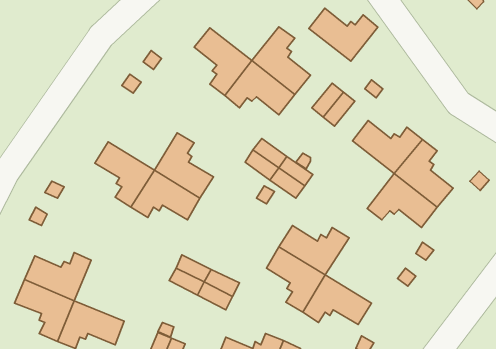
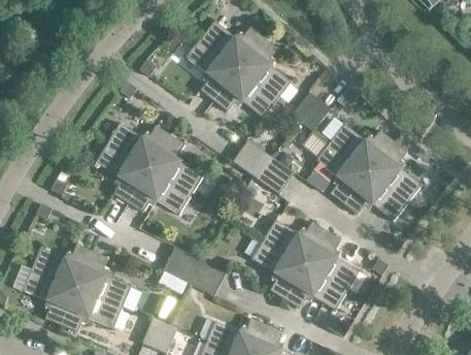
building: [309,8,378,61] -> [200,21,263,69]
building: none -> [107,124,170,169]
building: none -> [315,142,368,204]
building: none -> [305,231,359,291]
building: none -> [76,252,131,308]

